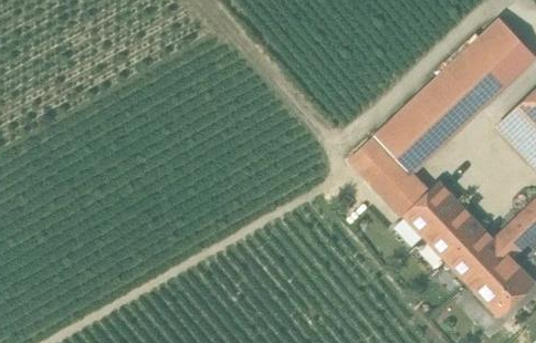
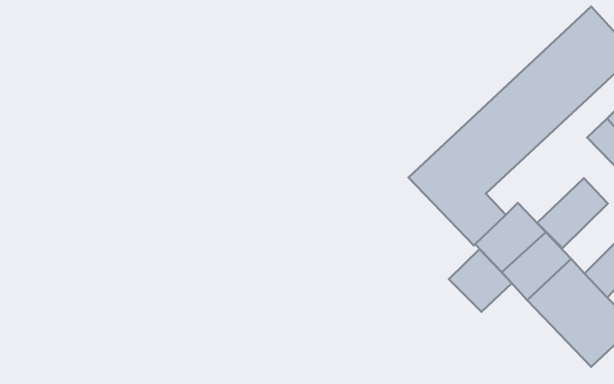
building: none -> [537,178,608,248]
building: none -> [449,249,512,312]

